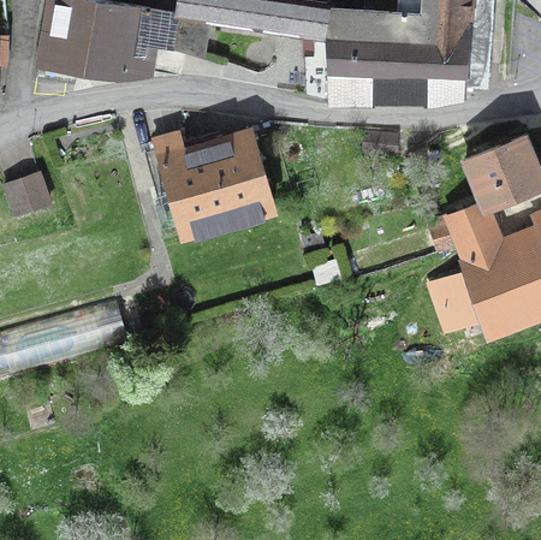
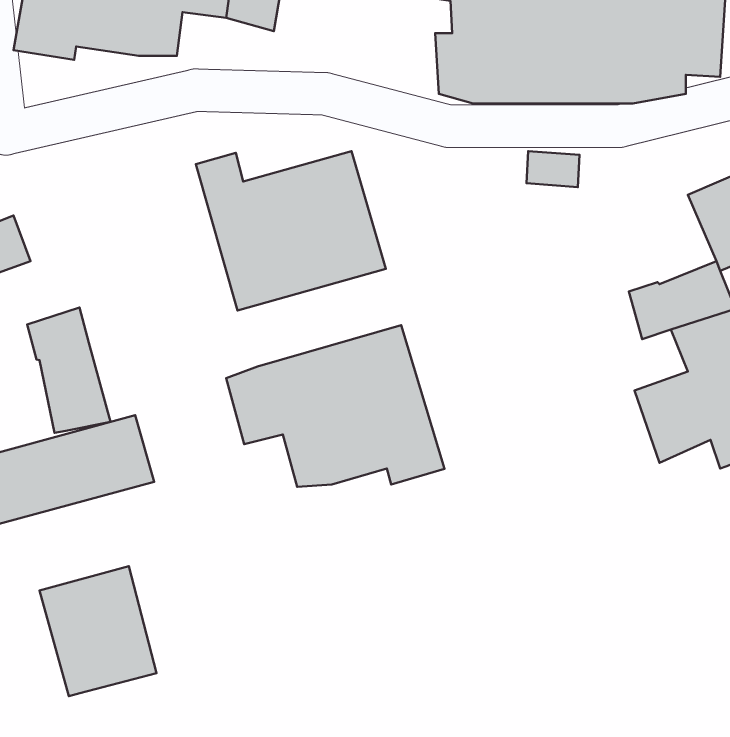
building: none -> [27,308,110,433]
building: none -> [226,325,445,487]
building: none -> [40,566,157,696]

